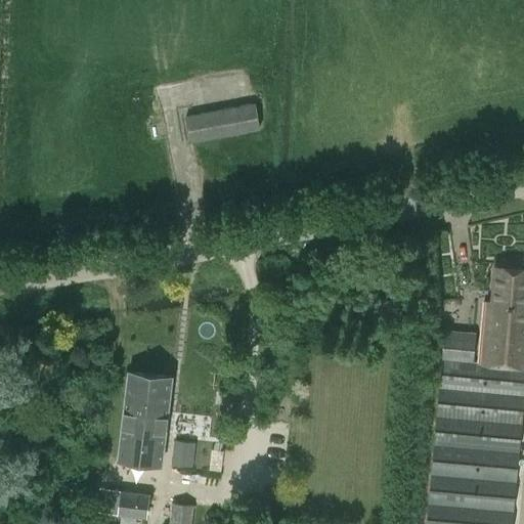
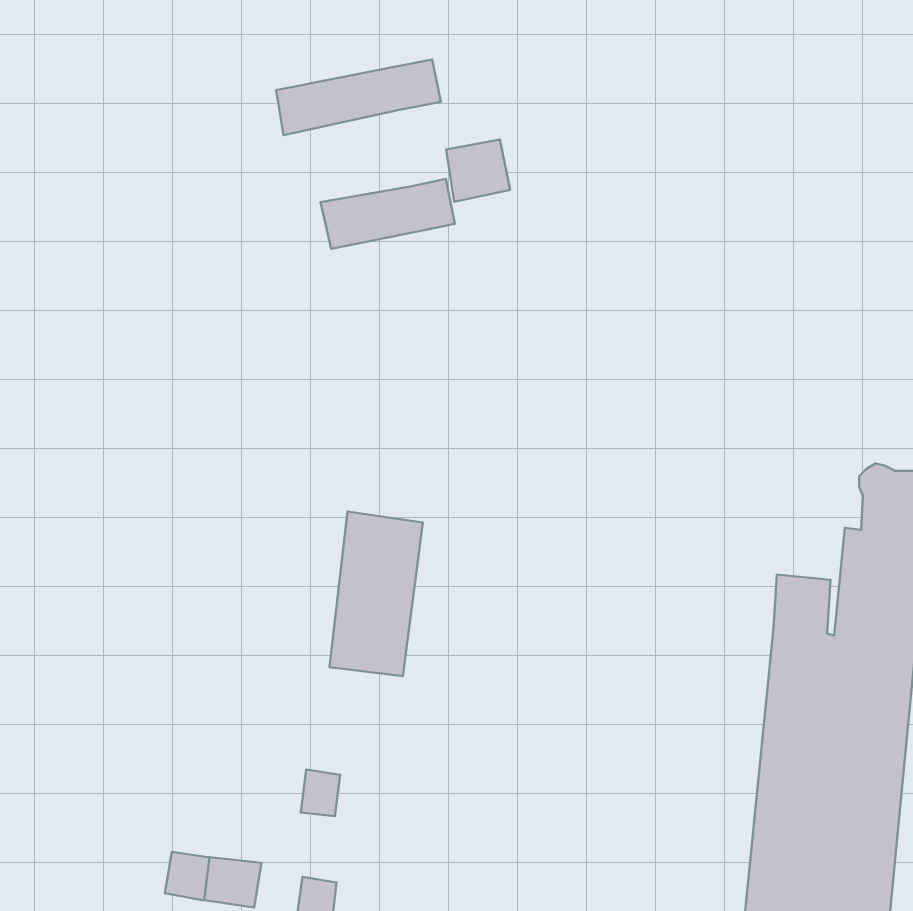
building: none -> [276,59,441,135]
building: none -> [446,140,510,202]
building: [119,373,172,467] -> [330,512,423,676]

